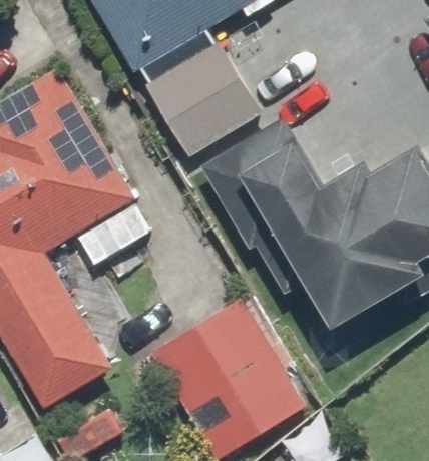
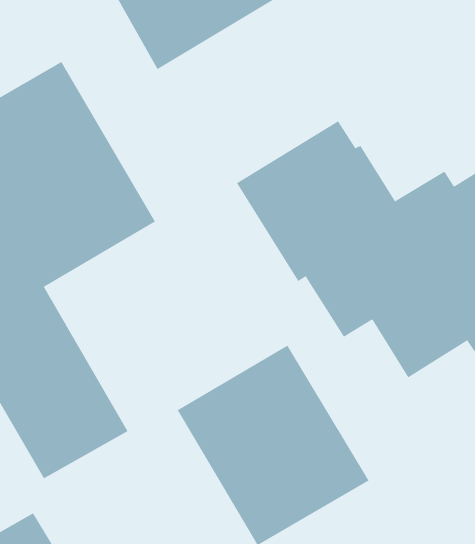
building: [144,42,262,157] -> none

